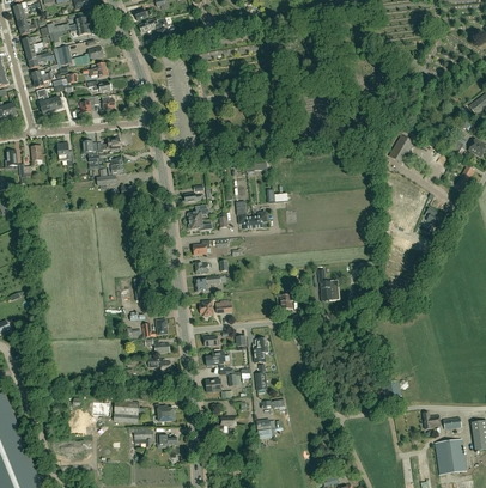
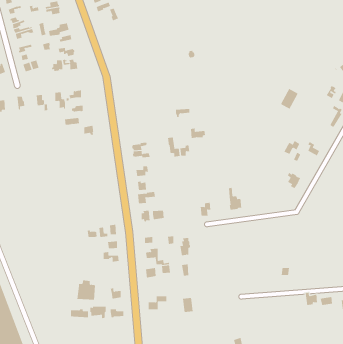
building: [435,439,466,475] -> none

